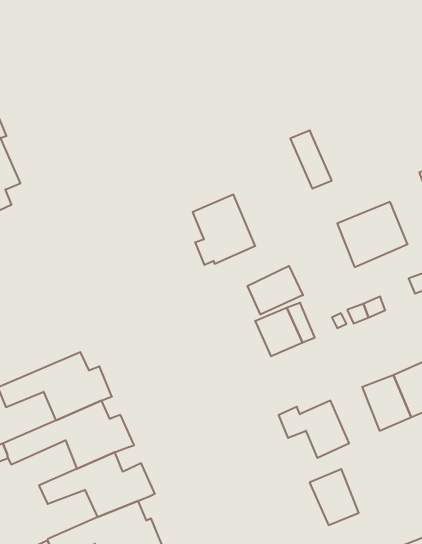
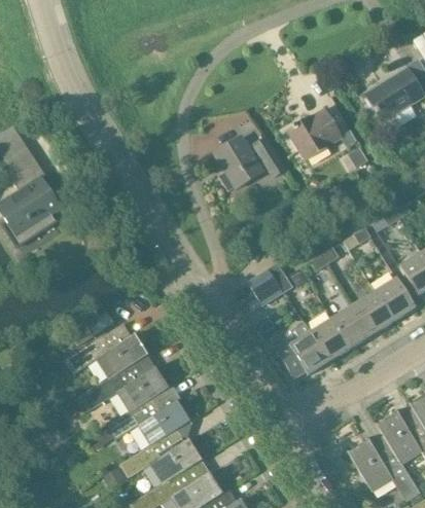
building: [193,195,255,265] -> [214,136,263,190]
building: [337,202,408,267] -> [287,109,341,160]
building: [248,266,303,315] -> none
building: [310,469,359,525] -> [311,318,350,360]

